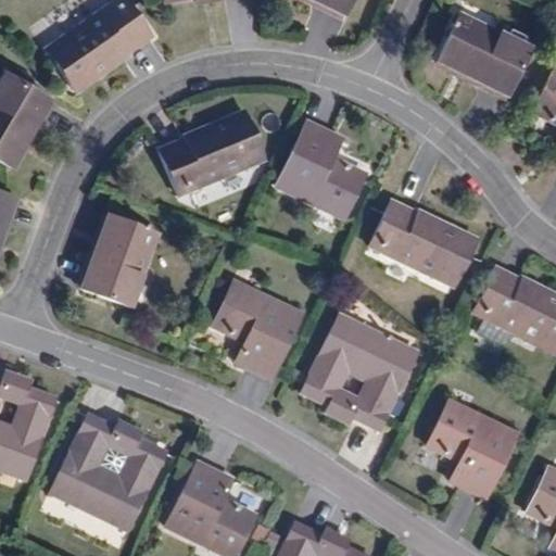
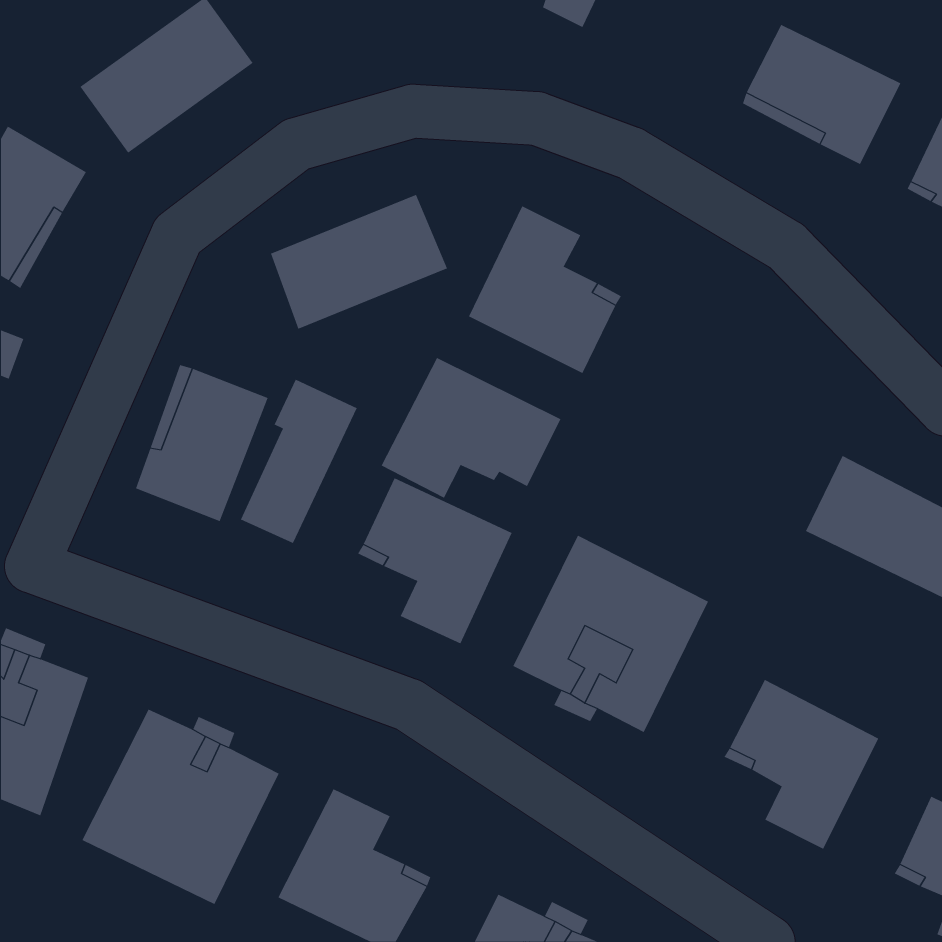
building: [371,201,475,285] -> none
building: none -> [381,357,561,498]
building: none -> [240,379,358,544]

